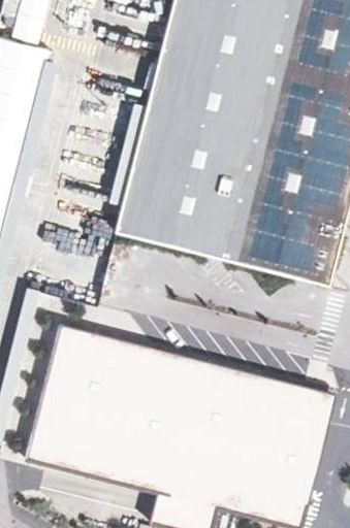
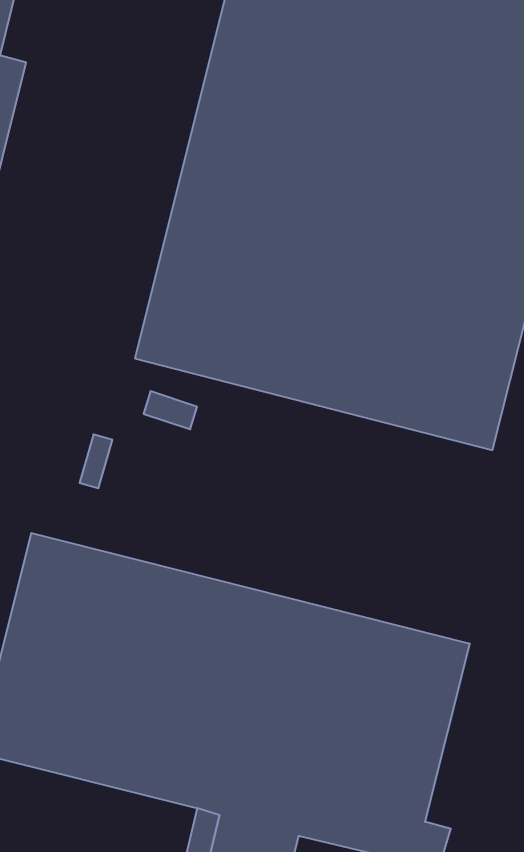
building: [54,324,332,505] -> none

